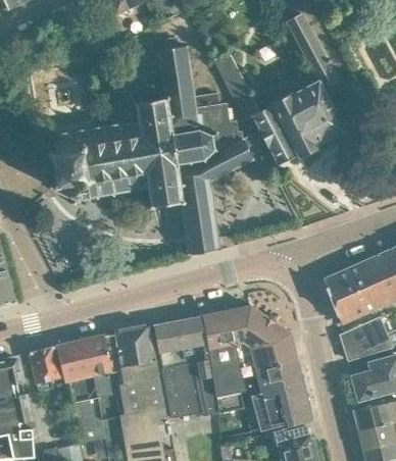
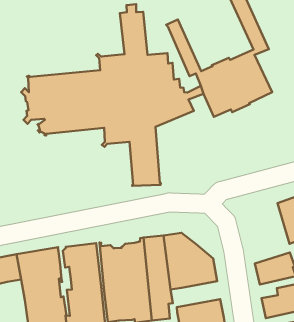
building: [325,261,380,323] -> none
building: [248,359,302,394] -> none

